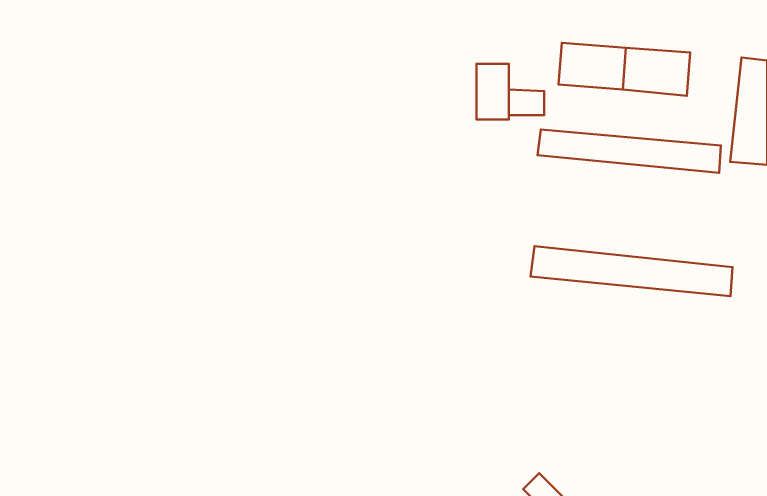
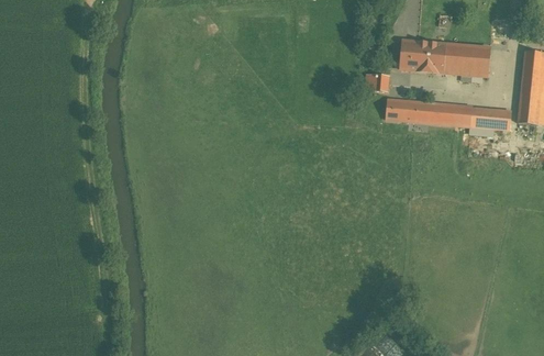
building: [477,64,509,120] -> none
building: [530,246,732,296] -> none

